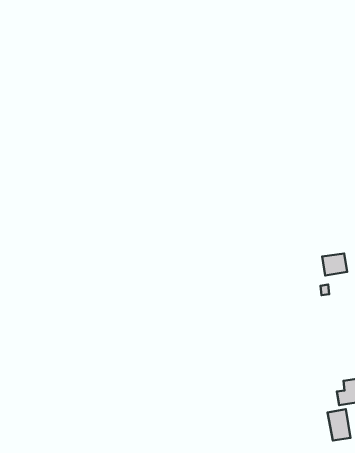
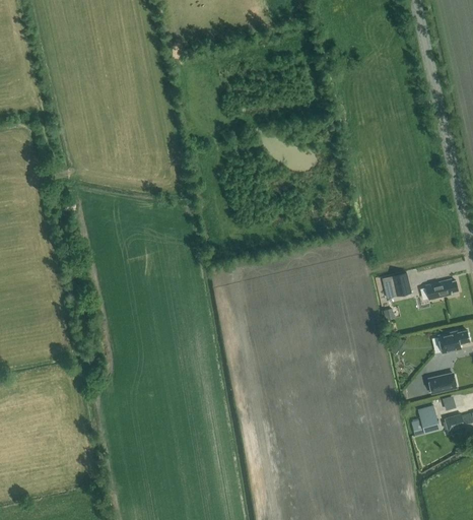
building: [327,409,350,441] -> none

